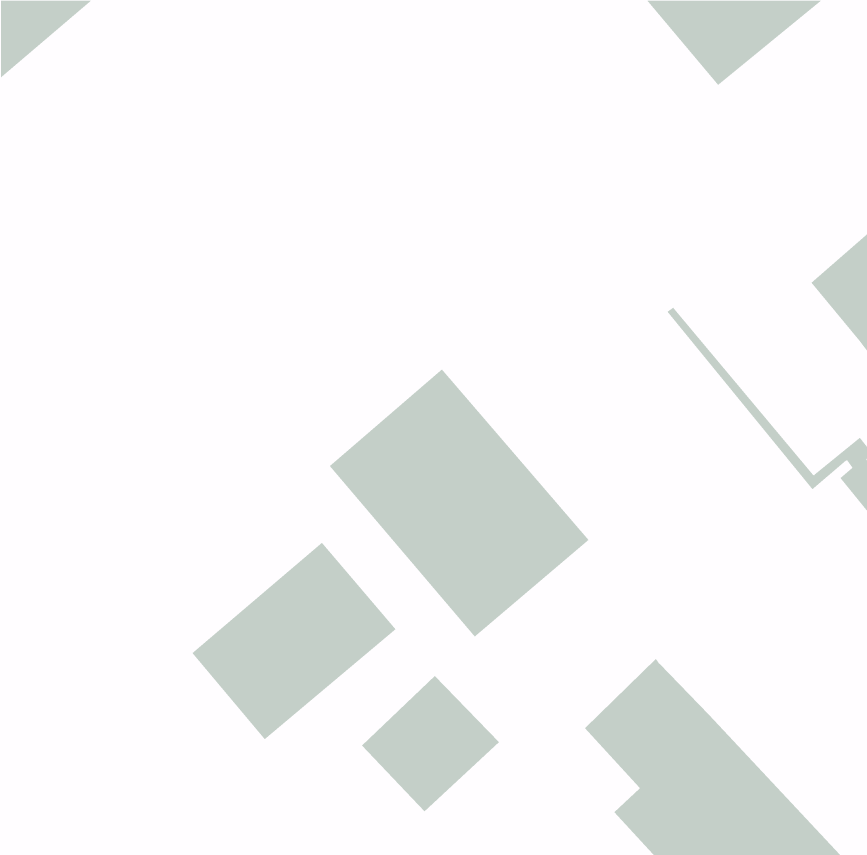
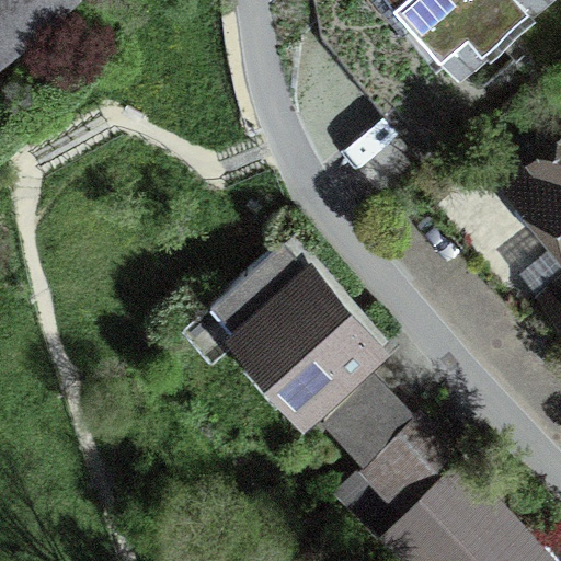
building: [192,542,396,740] -> none
building: [361,675,500,812] -> [329,382,417,470]

